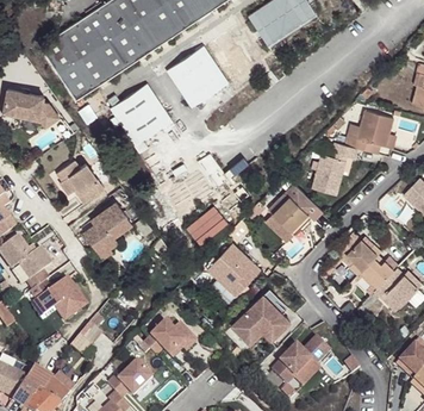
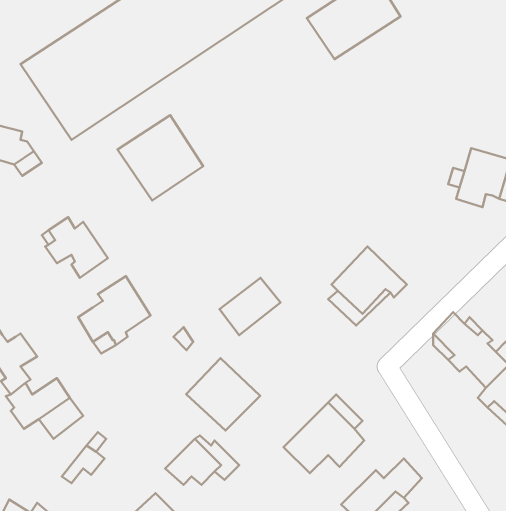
building: [167,48,229,110] -> none
building: [312,141,358,194] -> none
building: [206,242,260,294] -> [186,358,260,430]

